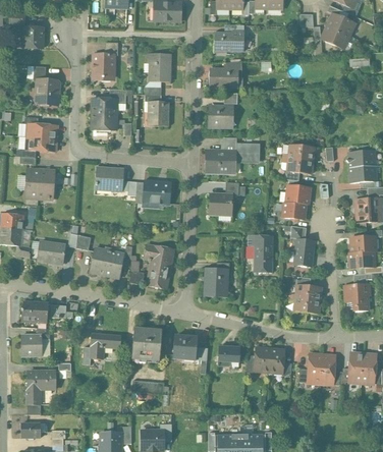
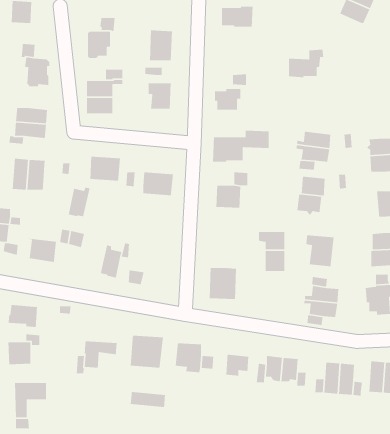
building: [210,61,242,88] -> [288,49,324,78]
building: [145,244,174,288] -> none
building: [91,246,111,275] -> [68,187,90,218]

